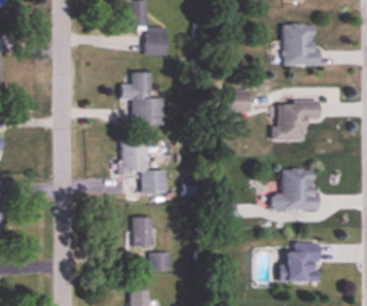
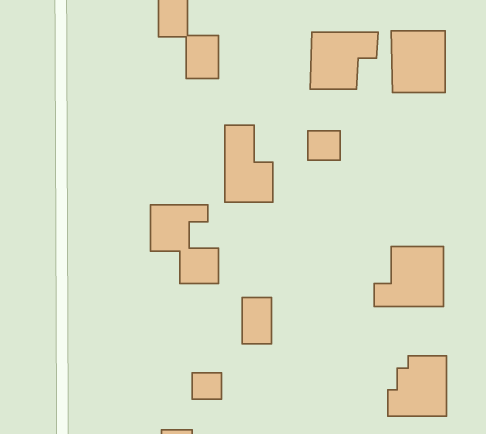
building: [131,73,162,125] -> [225,125,273,202]
building: [274,102,320,140] -> [310,32,378,89]
building: [132,217,151,248] -> [242,297,272,344]

